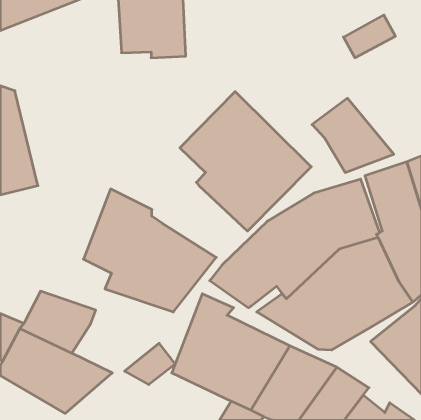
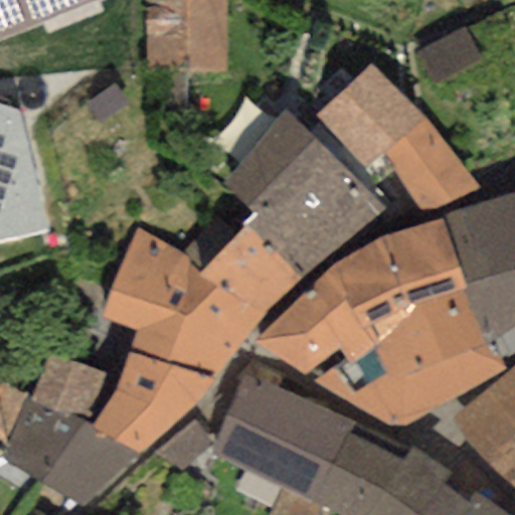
building: none -> [315,61,424,183]
building: none -> [199,226,303,314]
building: none -> [89,352,212,455]

